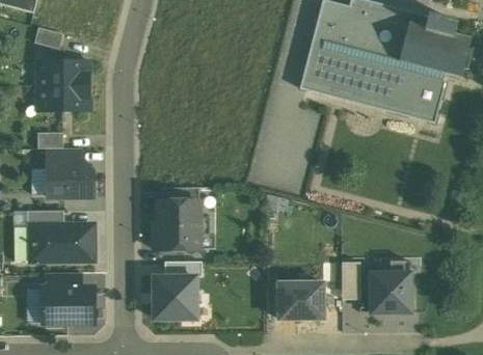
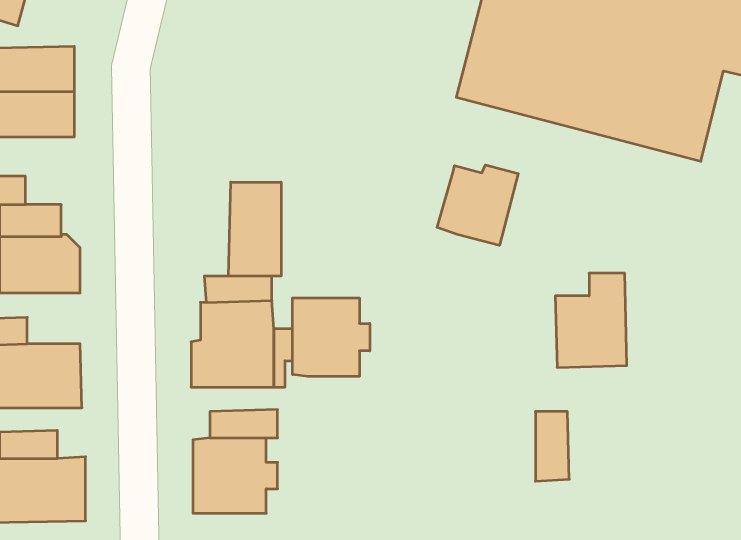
building: none -> [437,165,518,245]
building: none -> [229,182,281,276]
building: none -> [293,298,370,376]
building: [370,260,409,311] -> [555,273,627,367]
building: [277,282,323,319] -> none

